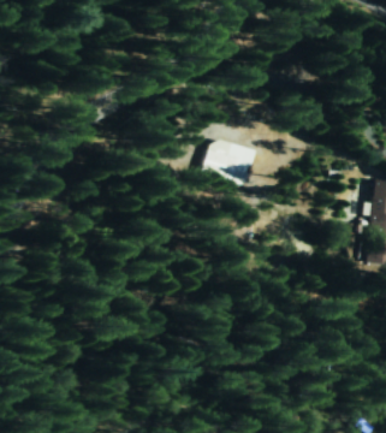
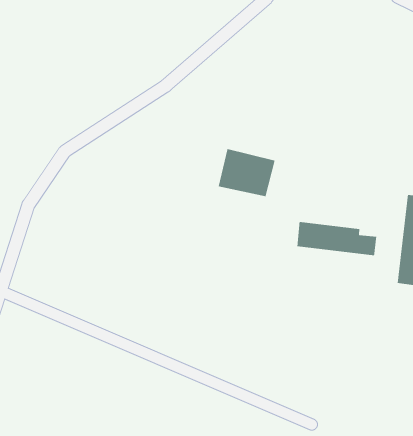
building: none -> [297,221,377,256]

